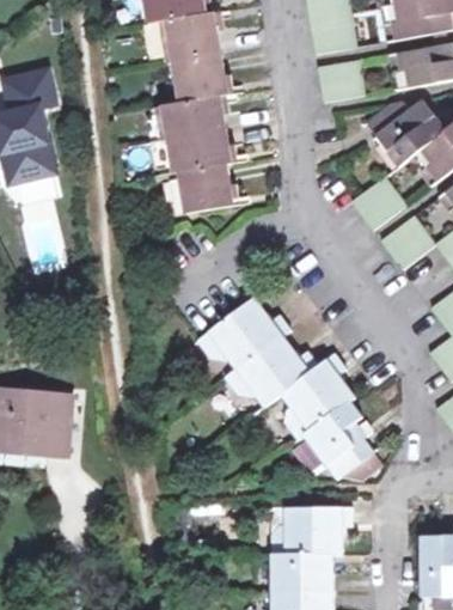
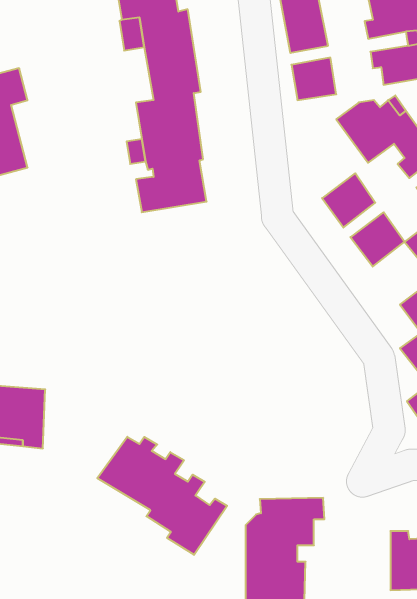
building: [196,299,369,477] -> none
building: none -> [97,437,227,555]

